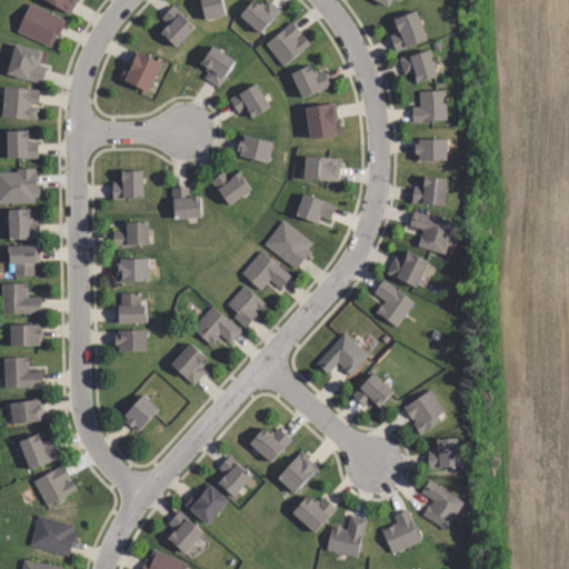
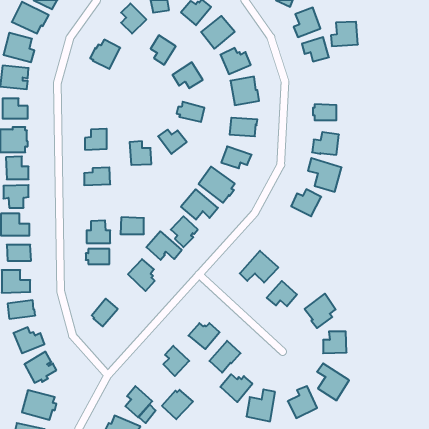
building: [413,90,449,122] -> [331,22,358,46]
building: [117,259,148,281] -> [120,217,144,234]
building: [372,279,413,328] -> none
building: [187,485,228,523] -> [162,390,193,419]

